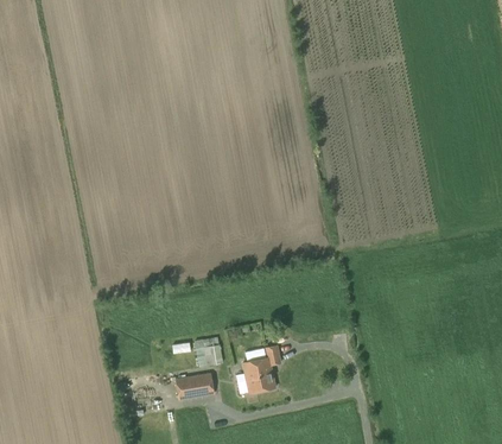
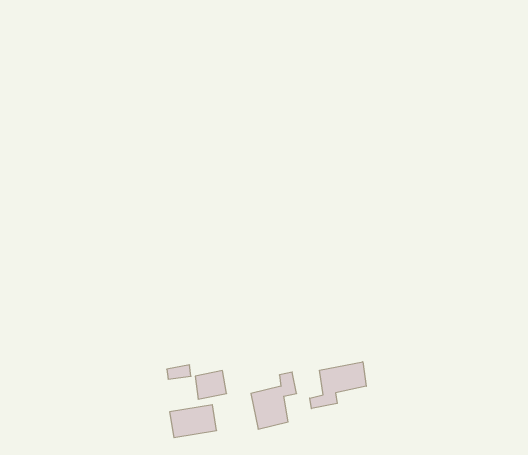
building: none -> [310,362,366,409]

